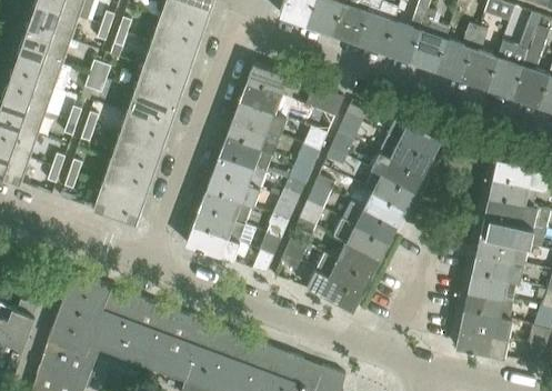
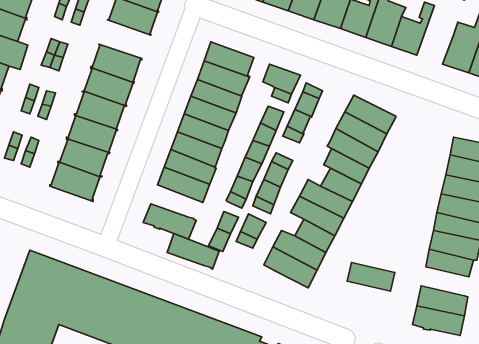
building: [460,28,496,87] -> none
building: [141,42,193,81] -> none
building: [193,208,245,243] -> [167,234,219,269]
building: [464,290,512,319] -> [347,262,395,291]

